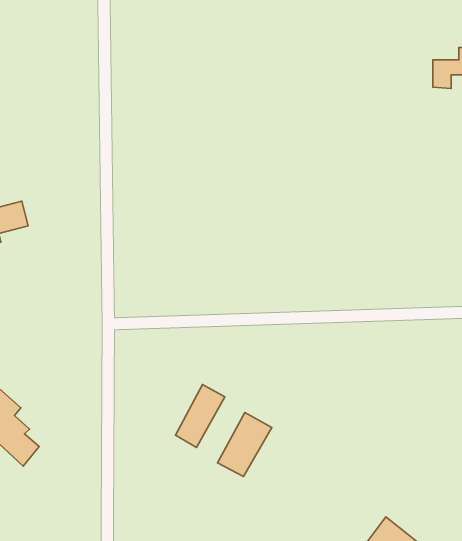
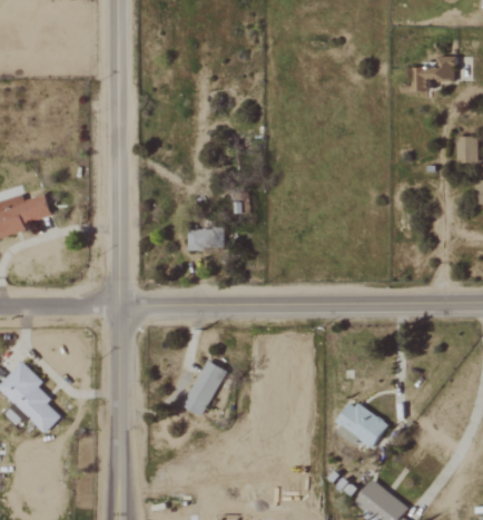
building: none -> [187,230,224,251]
building: [217,412,272,477] -> none
building: none -> [332,399,387,448]

